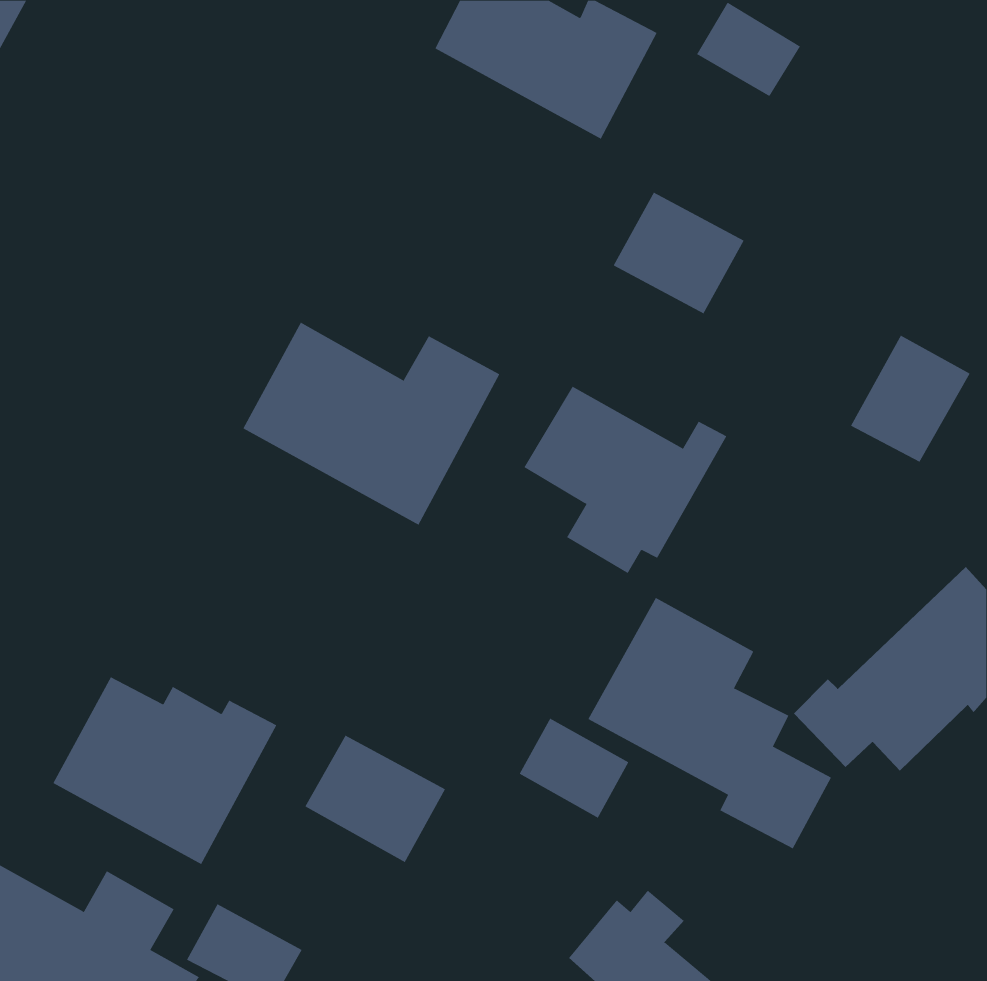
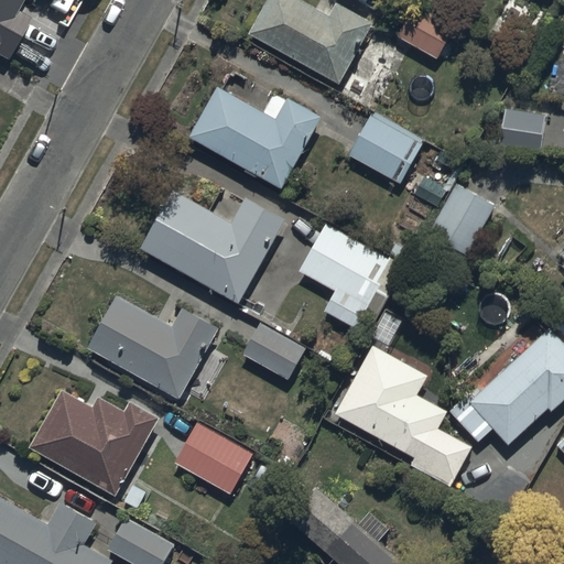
building: none -> [189,87,321,189]
building: none -> [496,108,546,152]
building: [850,335,970,463] -> [425,183,494,256]
building: none -> [86,295,219,401]
building: [519,718,629,819] -> [242,325,305,382]

